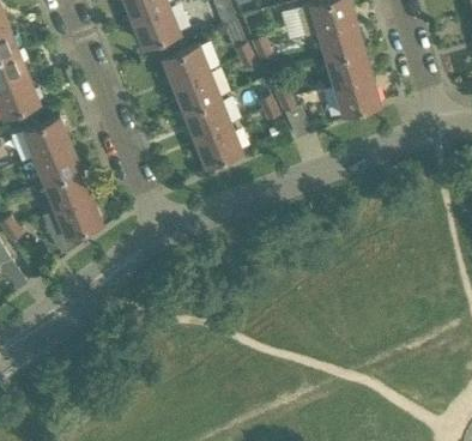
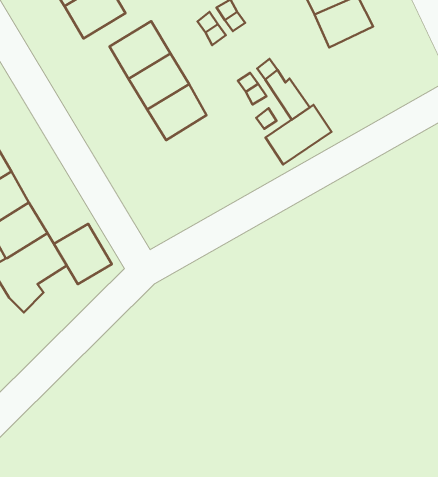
building: [334,78,380,117] -> none
building: [195,126,241,168] -> none
building: none -> [265,105,331,164]
building: none -> [54,224,112,284]

